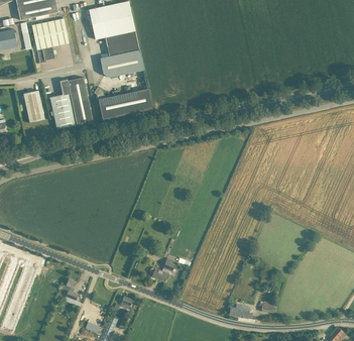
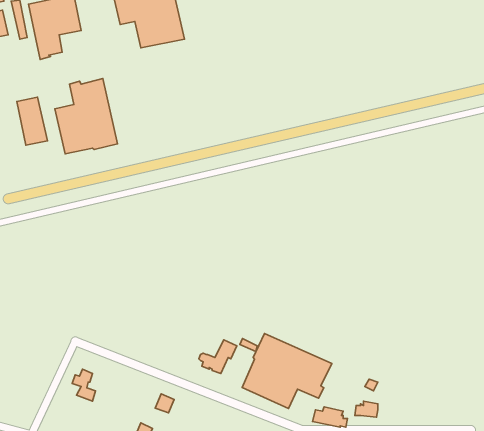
building: [100,49,144,78] -> none
building: [93,87,152,119] -> none
building: none -> [242,334,332,408]

